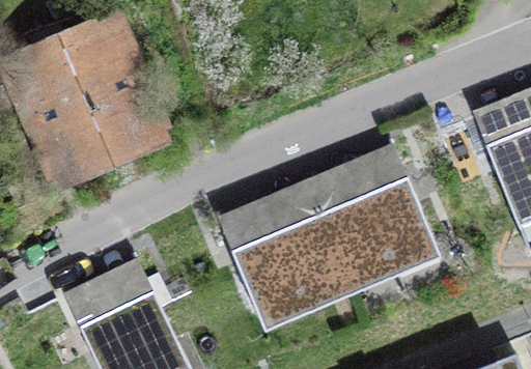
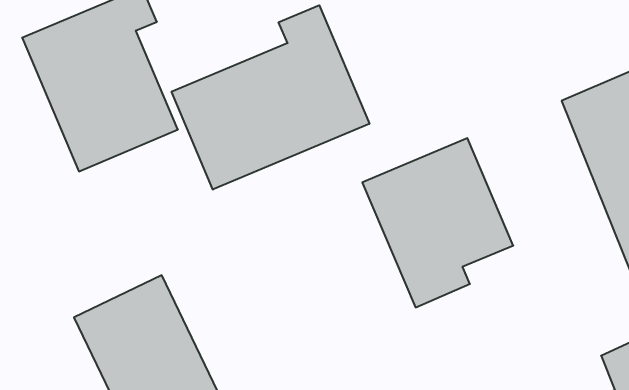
building: none -> [172,5,369,190]
building: [217,181,350,309] -> none

